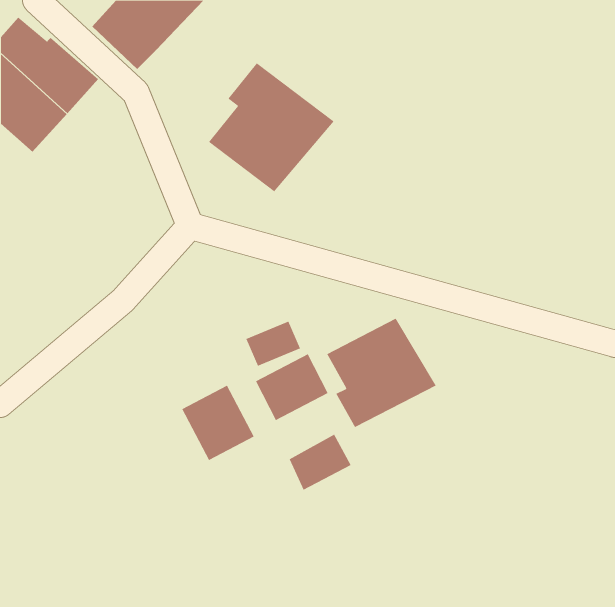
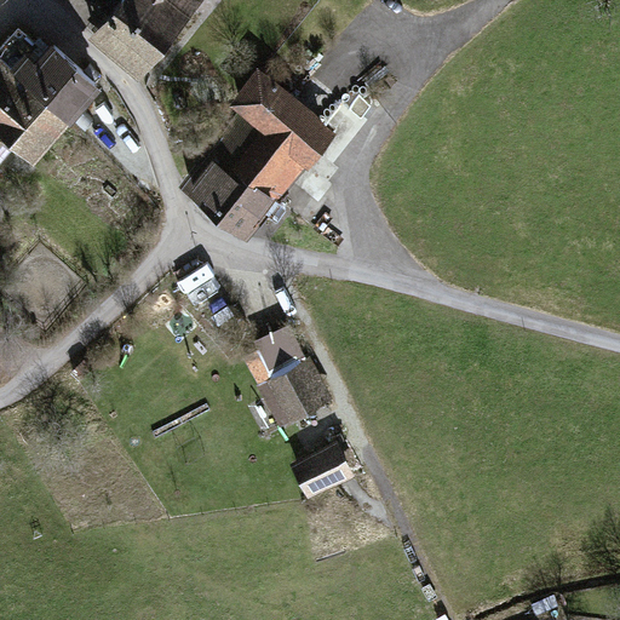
building: none -> [180,150,276,241]
building: [327,318,437,428] -> none
building: [182,385,255,461] -> none

